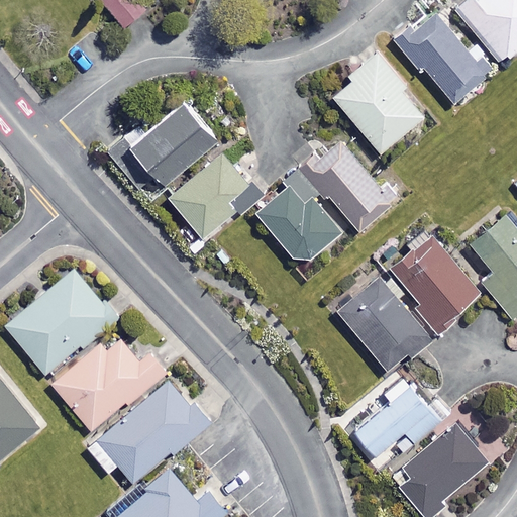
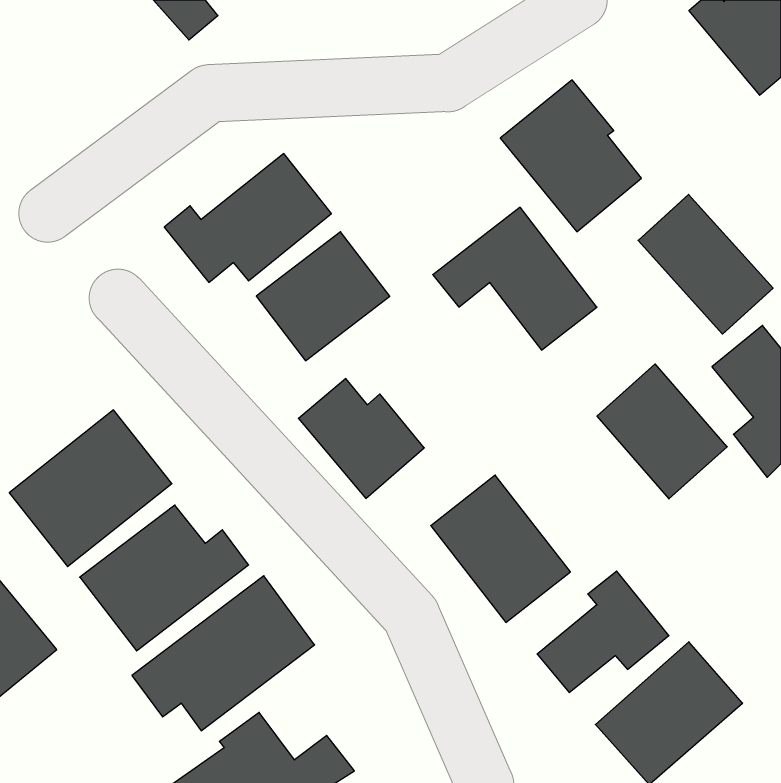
building: [398,13,487,105] -> [638,194,773,334]
building: [256,188,339,267] -> [298,379,424,498]
building: [335,277,427,374] -> [431,475,570,622]

